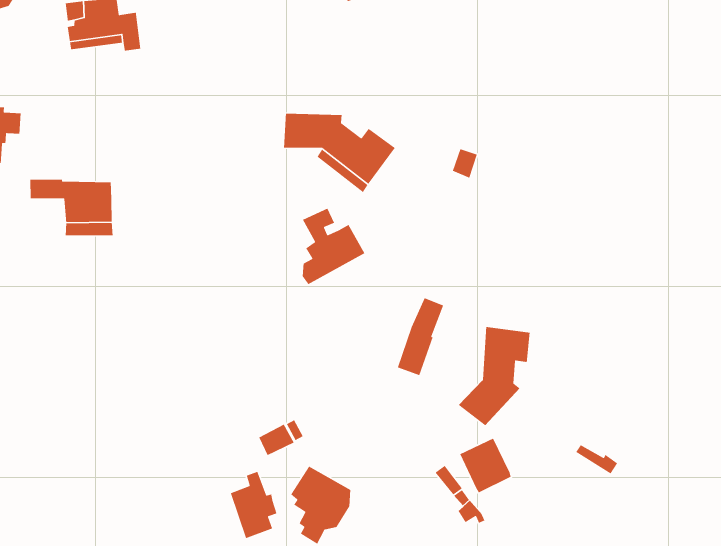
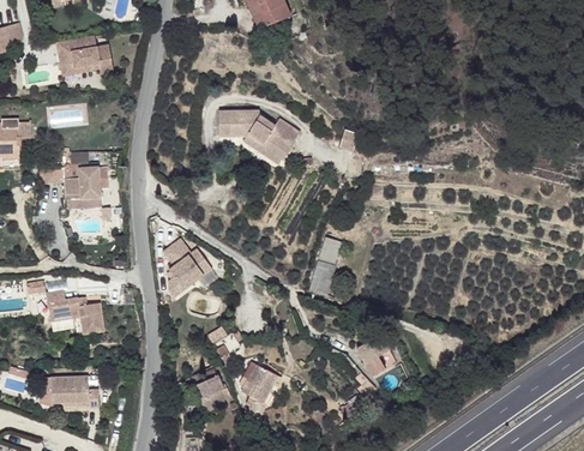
building: [302,207,365,285] -> [164,239,211,295]
building: [458,326,530,426] -> none
building: none -> [44,289,103,331]
building: none -> [37,375,98,407]

